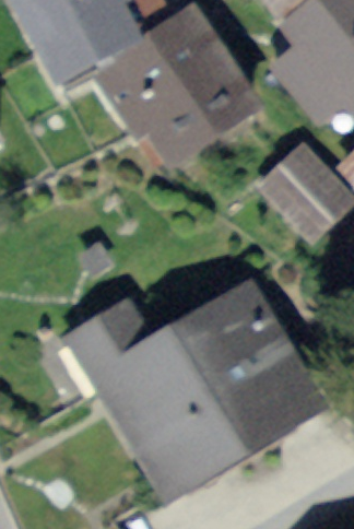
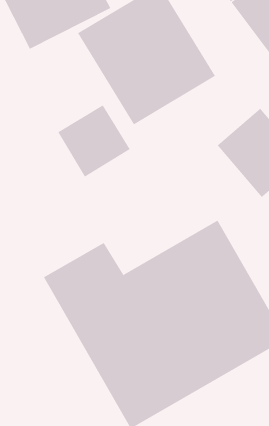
building: none -> [58,104,130,178]

